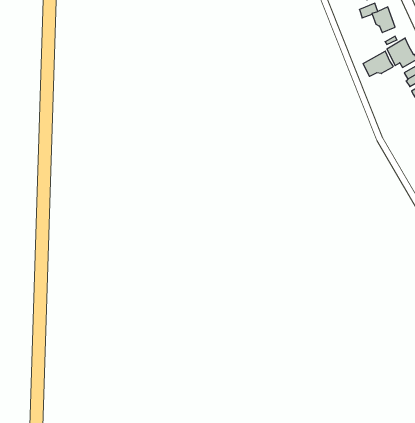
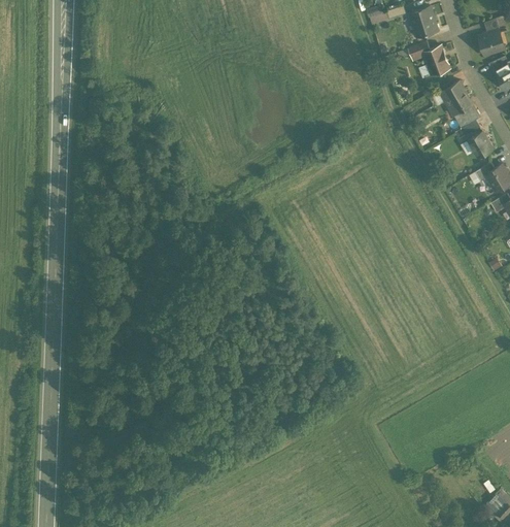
building: [363,51,393,76] -> none

